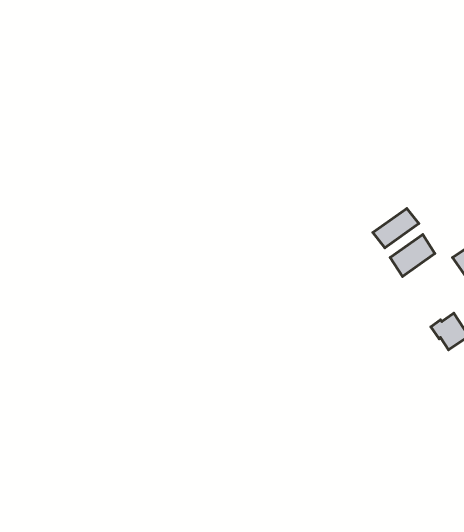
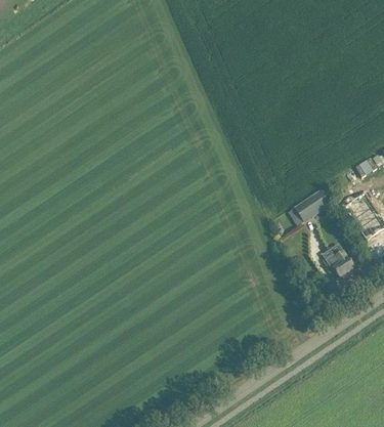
building: [373,208,419,248] -> none

